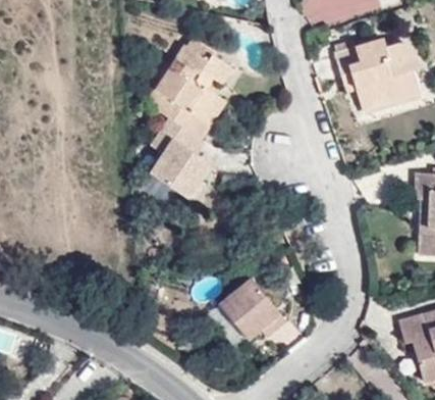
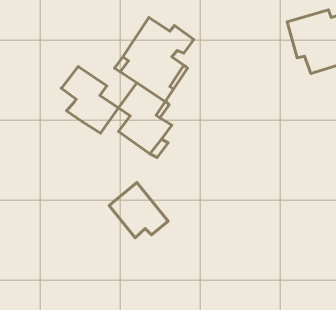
building: none -> [61,66,118,133]
building: [219,279,284,340] -> [109,182,168,238]

